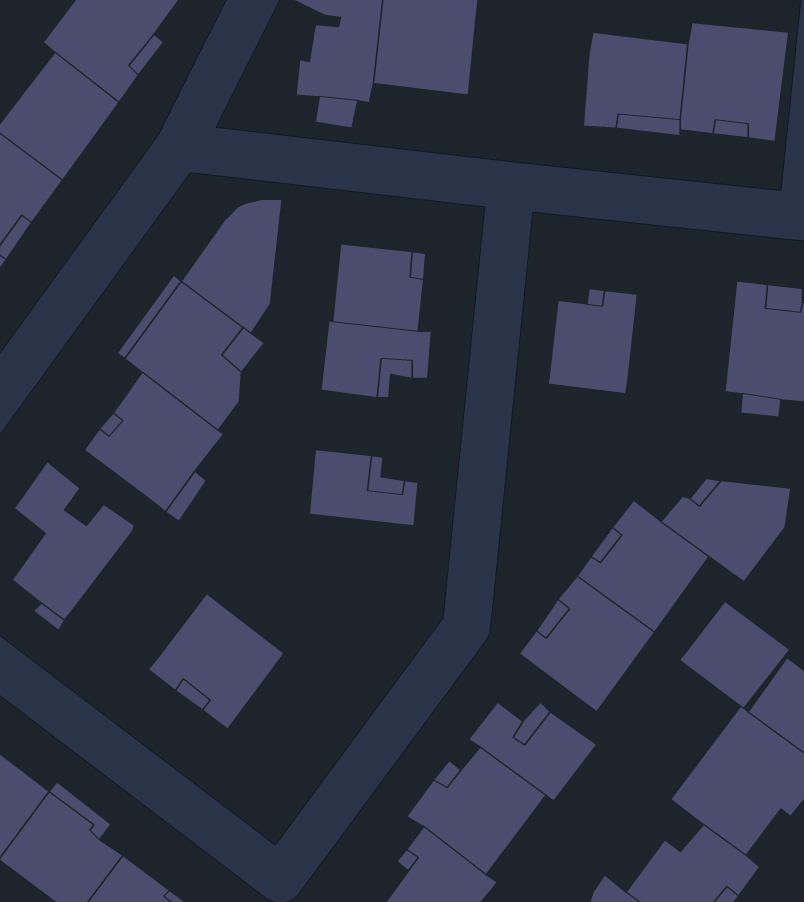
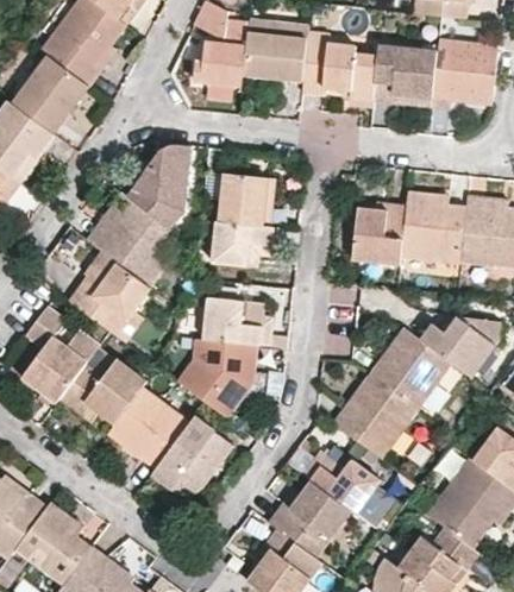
building: none -> [301,33,376,100]
building: none -> [400,193,465,265]
building: none -> [176,336,257,416]
building: none -> [58,348,143,426]
building: [679,601,790,708] -> none
building: none -> [150,416,232,492]

